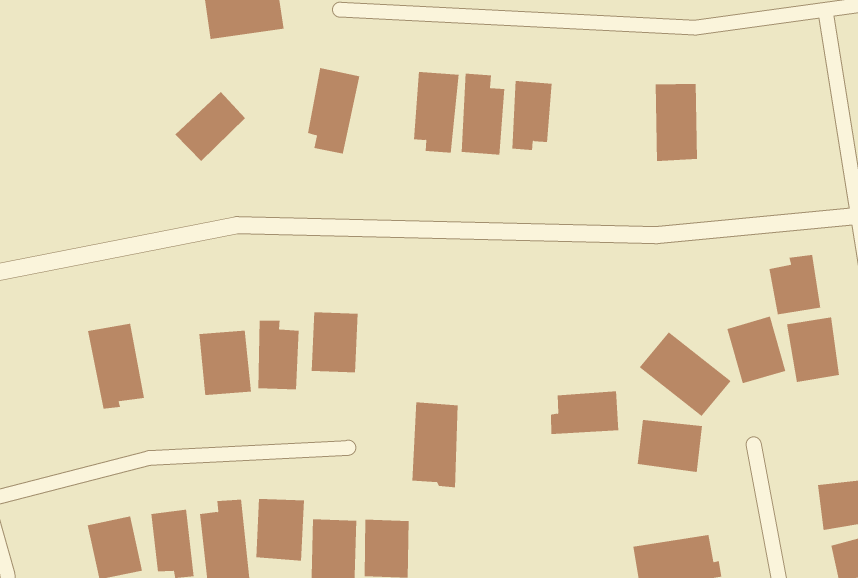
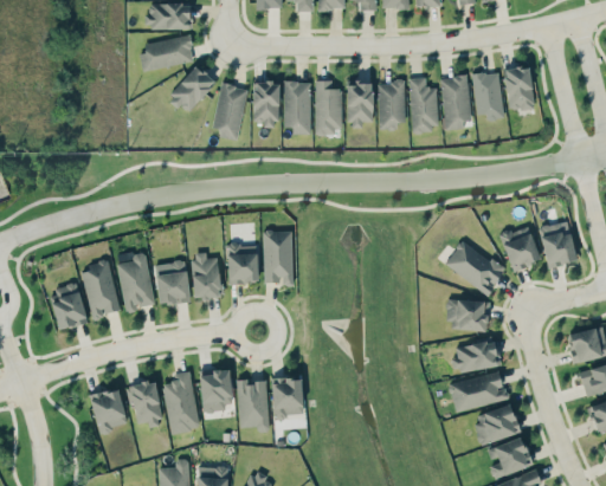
building: none -> [253,82,279,128]
building: none -> [503,66,535,111]
building: none -> [472,71,503,119]
building: none -> [410,77,438,132]
building: none -> [378,82,406,130]
building: [174,91,246,162] -> [168,66,214,114]
building: [769,254,821,315] -> none
building: none -> [117,252,154,313]
building: none -> [49,285,86,330]
building: [550,391,619,434] -> [452,339,498,371]
building: [411,402,459,488] -> [263,231,294,285]

